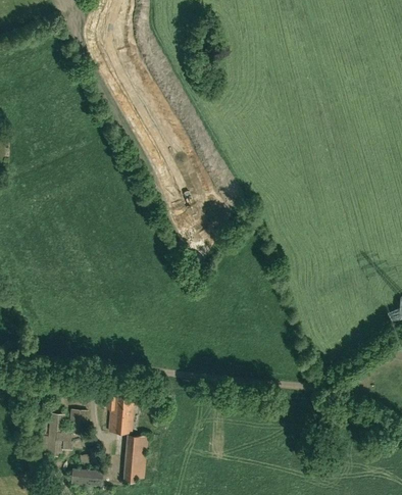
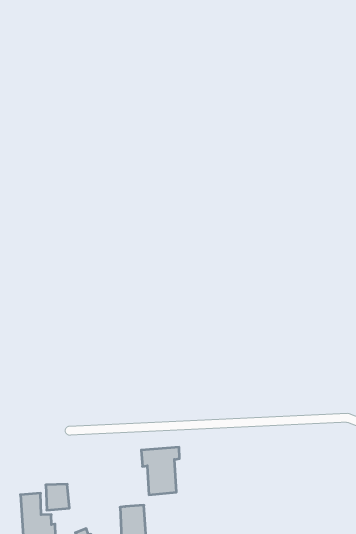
building: [105,397,137,435] -> [141,447,179,495]

